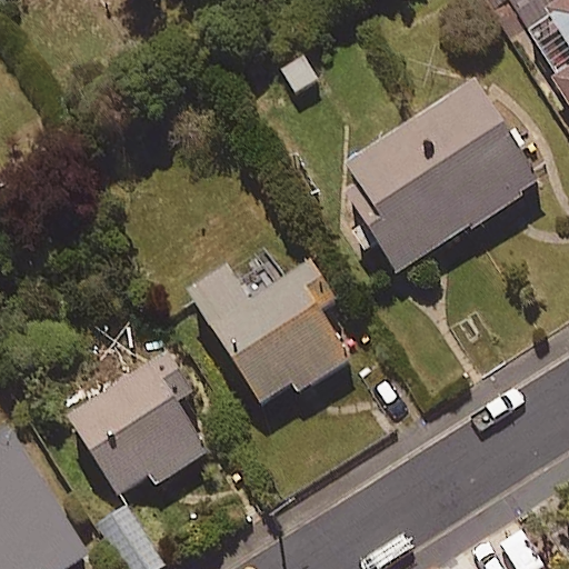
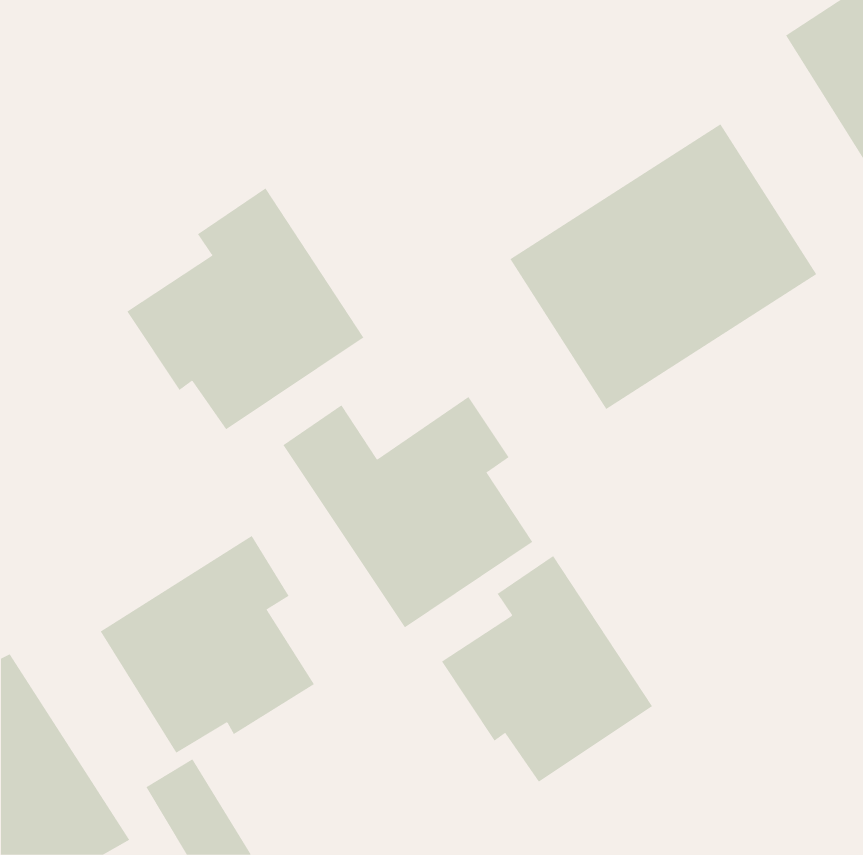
building: none -> [126,187,364,430]
building: none -> [441,555,653,783]

